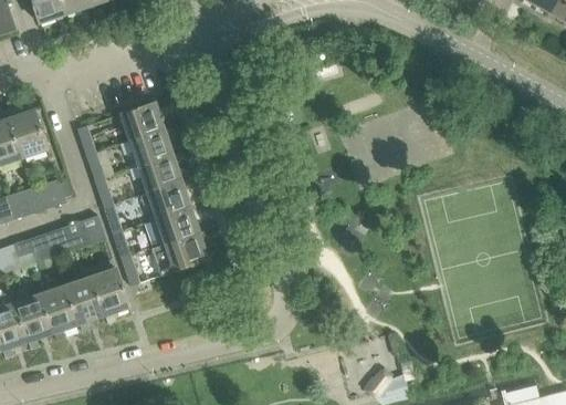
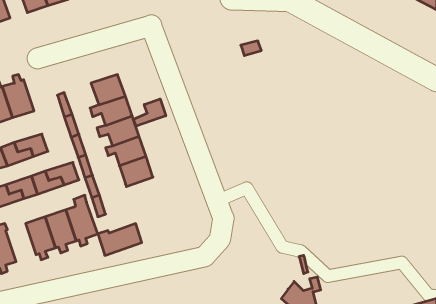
building: none -> [133,99,166,126]
building: [151,233,208,274] -> [98,224,142,255]
building: [11,293,50,347] -> none

